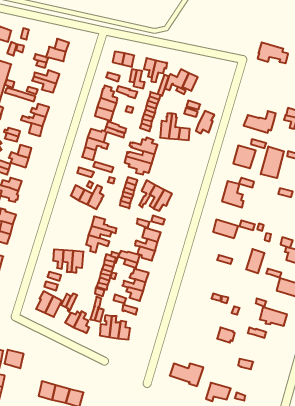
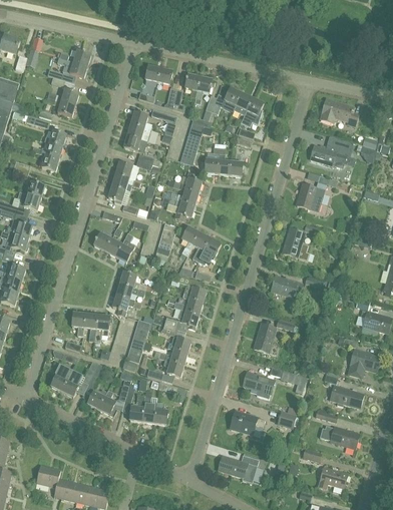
building: [258,42,288,63] -> [320,98,358,124]
building: [196,111,214,133] -> [241,97,264,125]
building: [261,146,284,178] -> none
building: [246,249,265,273] -> [253,322,276,352]
building: none -> [243,371,274,398]
building: none -> [230,410,265,434]
building: none -> [318,425,359,447]
building: [4,350,24,368] -> [35,463,59,486]
building: [206,383,231,401] -> [317,466,348,489]

